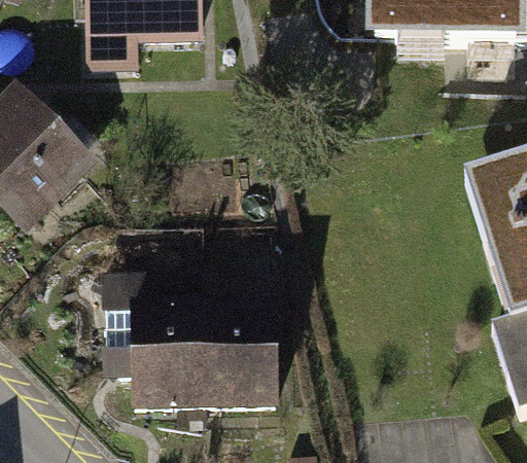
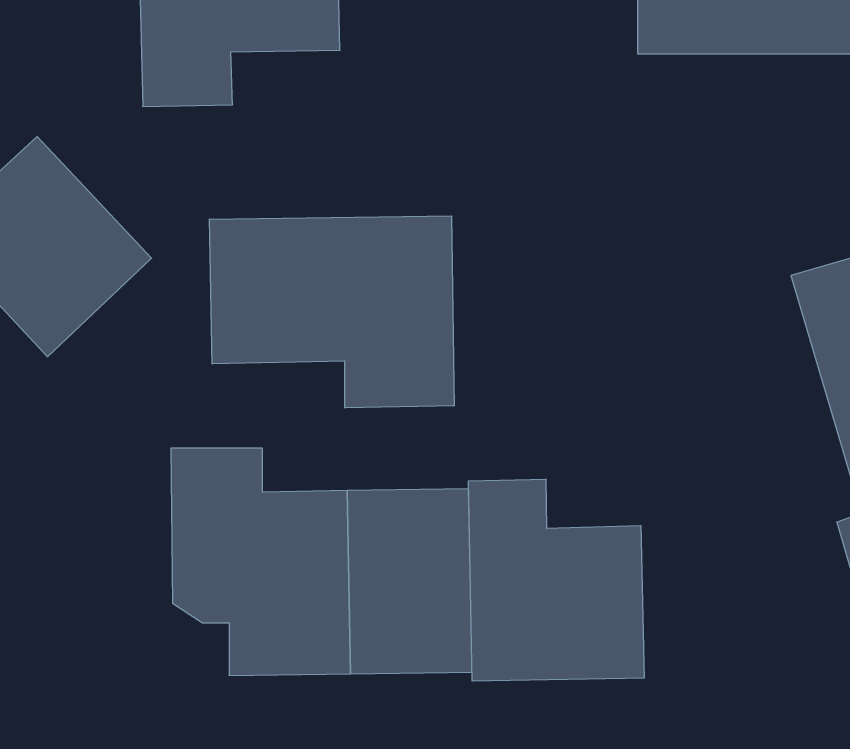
building: none -> [209,216,454,408]
building: none -> [468,479,644,681]

